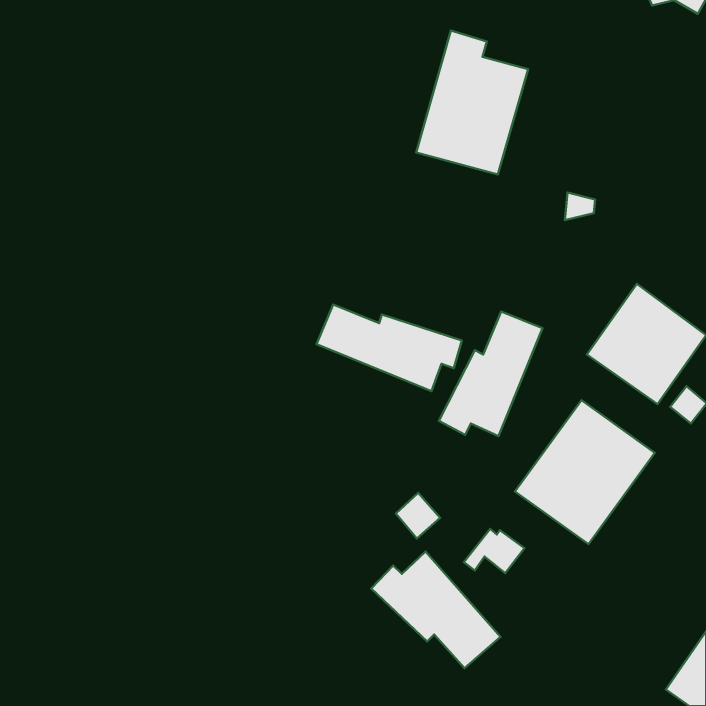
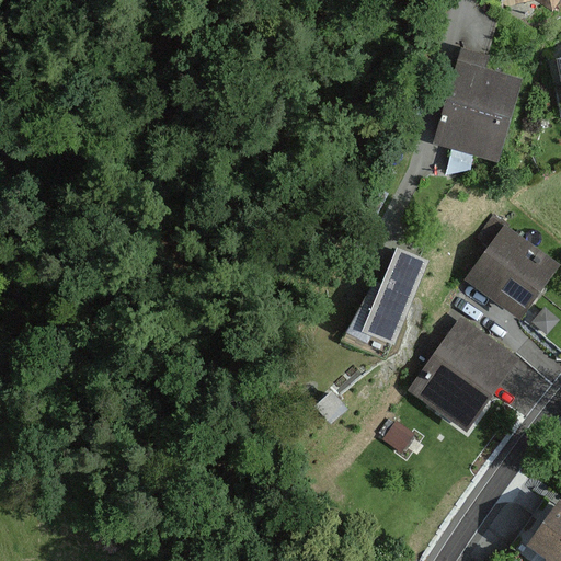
building: [416,31,528,174] -> [434,47,523,161]
building: [317,305,462,391] -> none
building: [371,552,501,668] -> none

